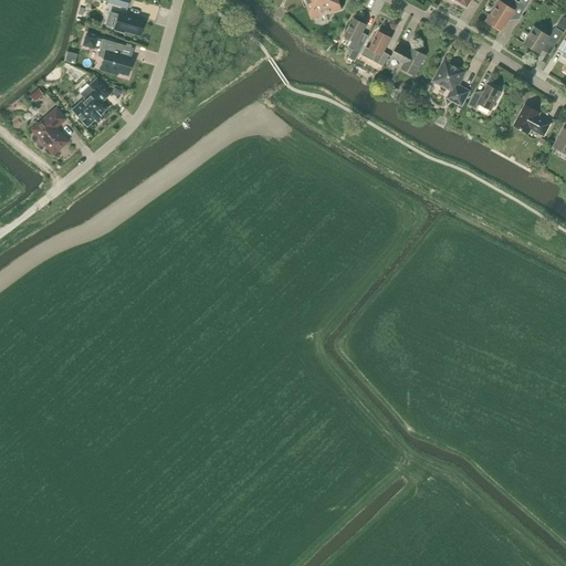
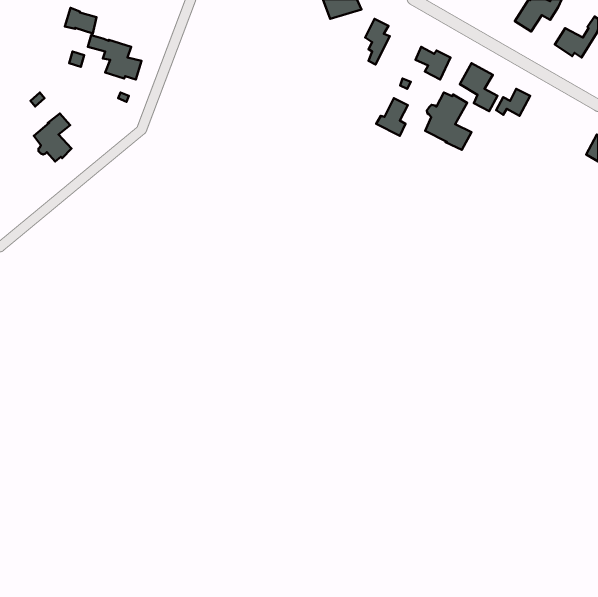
building: [114,11,144,35] -> [65,8,96,34]
building: [361,30,391,65] -> [376,98,408,136]
building: [73,77,108,125] -> none
building: none -> [425,92,472,150]
building: [514,104,552,136] -> none

